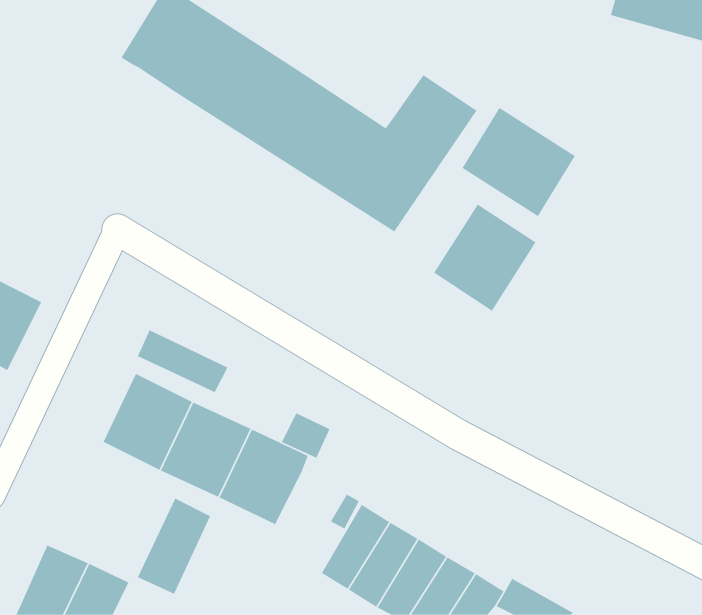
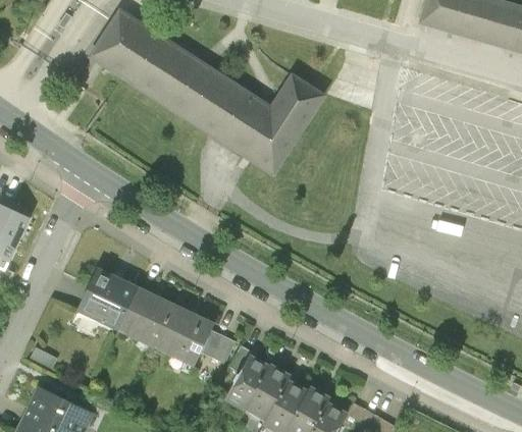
building: [462,107,576,217] -> none
building: [433,203,536,312] -> none
building: [137,329,229,393] -> none
building: [281,412,330,459] -> [201,333,234,365]
building: [137,498,211,595] -> none

